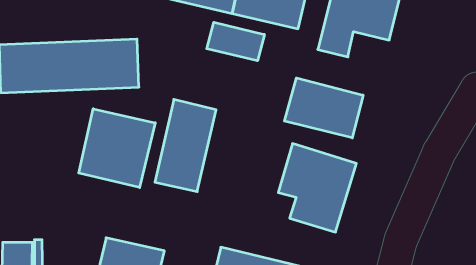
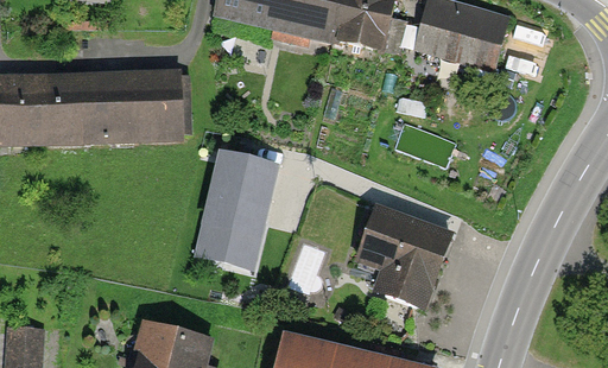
building: [207,22,264,61] -> none
building: [284,78,363,138] -> none
building: [79,109,155,188] -> none

